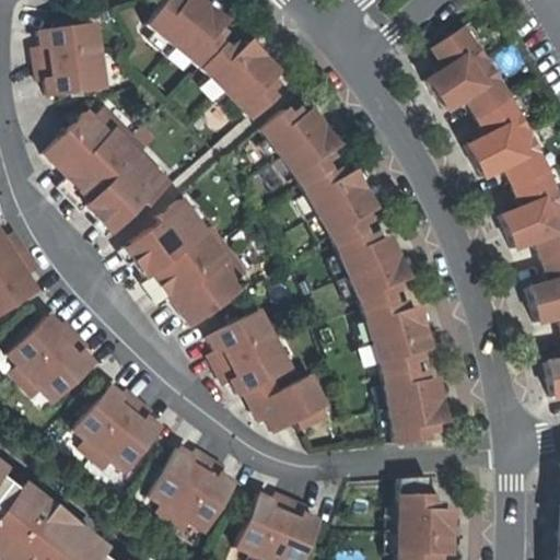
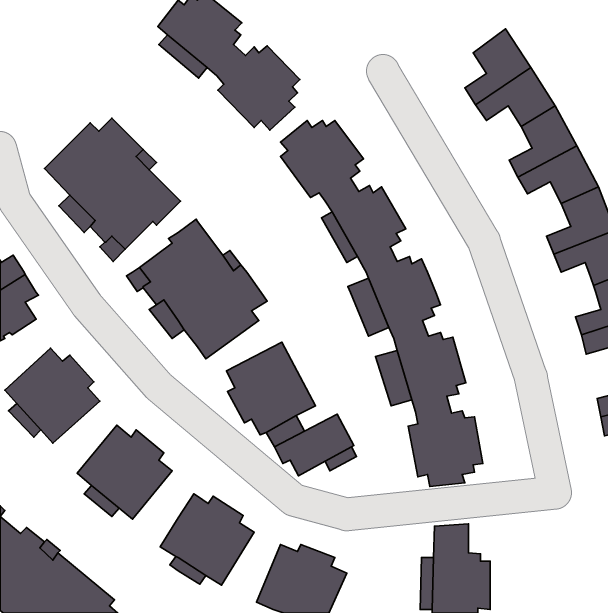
building: [37,23,107,96] -> none

